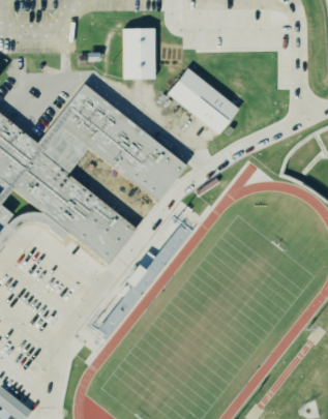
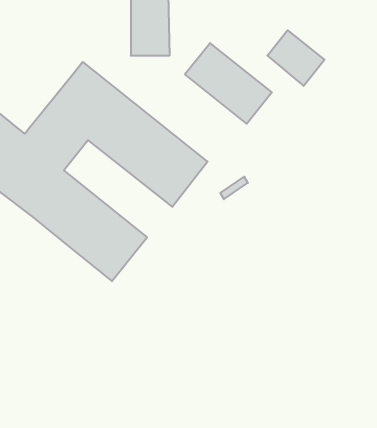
building: none -> [267,30,325,86]

